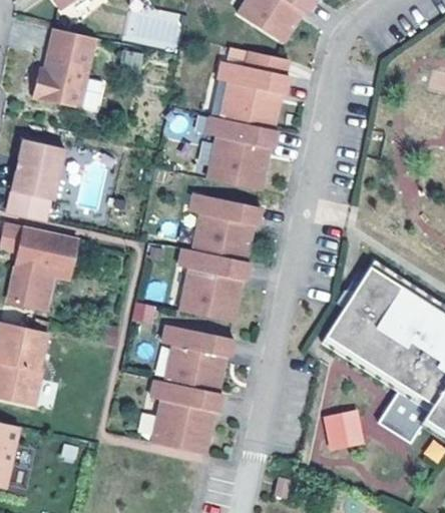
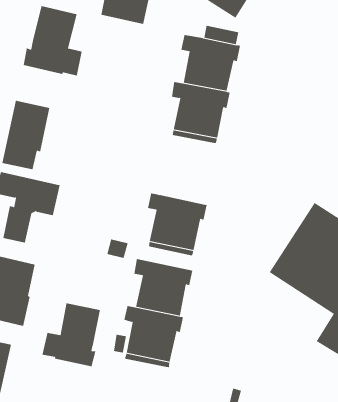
building: [189,193,261,261] -> none
building: none -> [42,302,100,367]
building: [322,410,364,450] -> none

